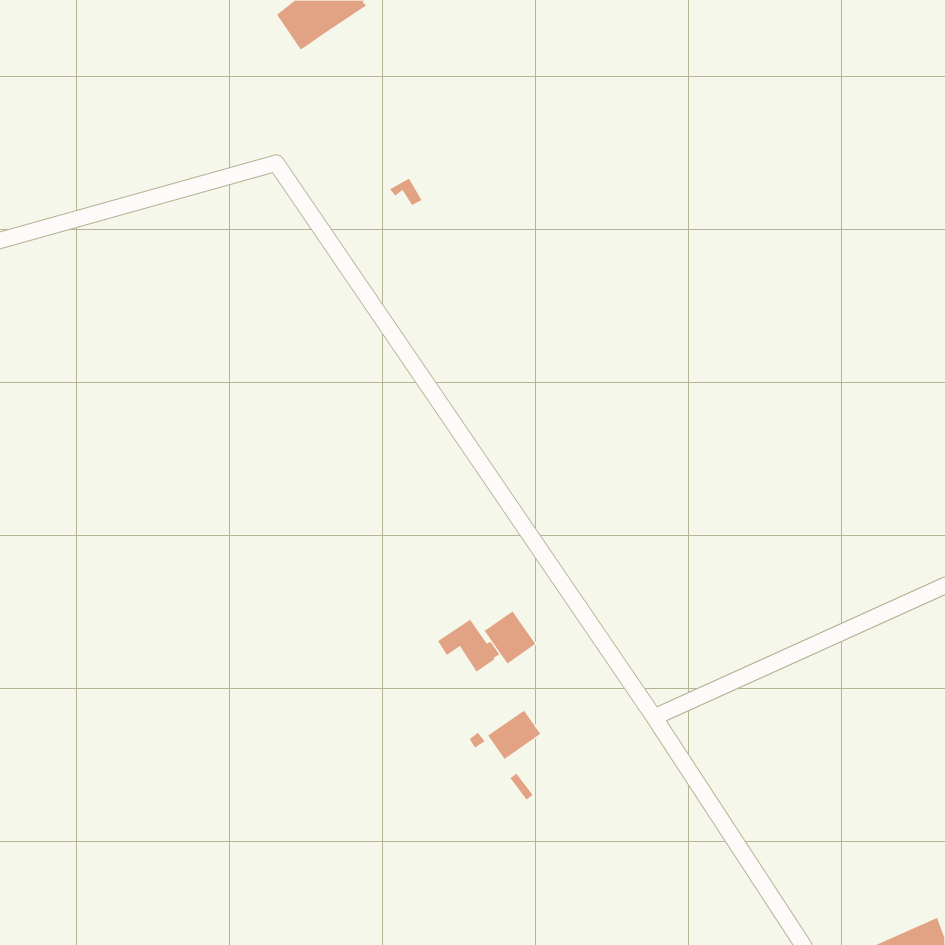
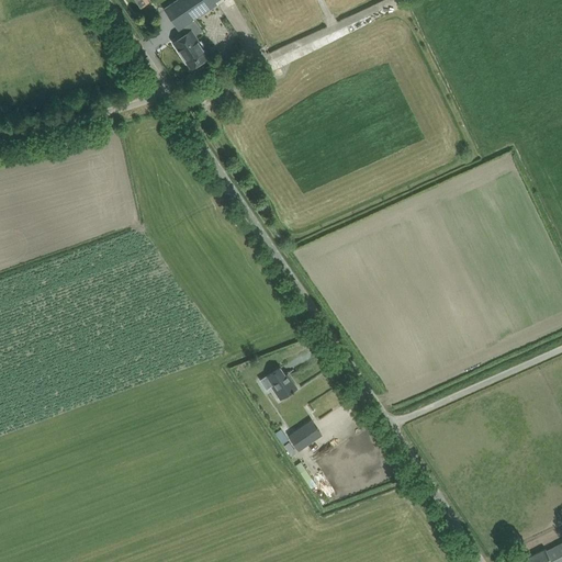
building: none -> [172,20,207,69]
building: [484,610,536,664] -> none

